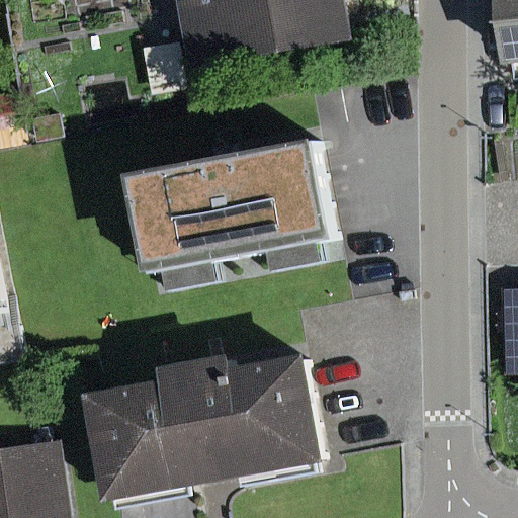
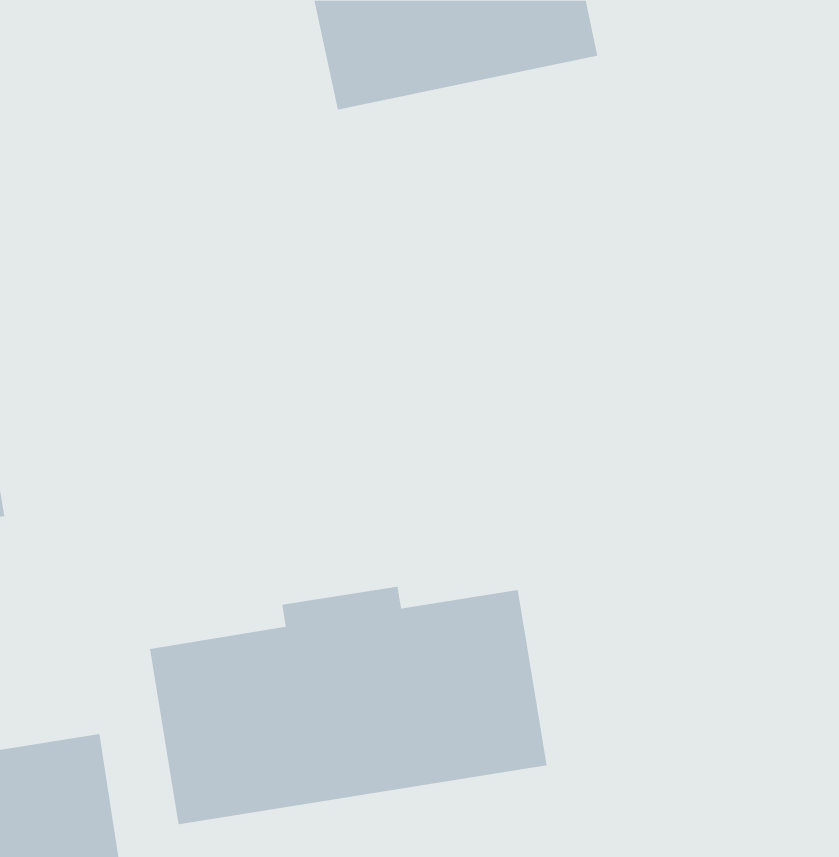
building: [139,137,341,259] -> none

